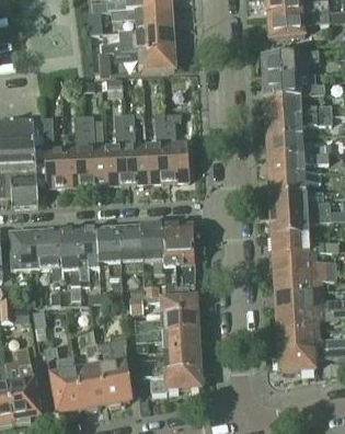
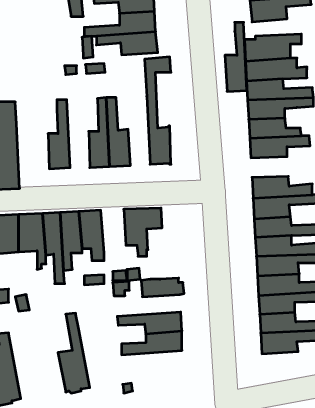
building: [146,112,168,181] -> [225,22,247,91]
building: [84,115,107,183] -> none
building: [43,117,67,185] -> none
building: [268,172,320,193] -> none
building: [164,222,195,295] -> none
building: [118,225,143,269] -> none
building: [135,310,198,332] -> none
building: [96,338,129,404] -> none
building: [45,347,83,412] -> none
building: [139,366,200,391] -> none

